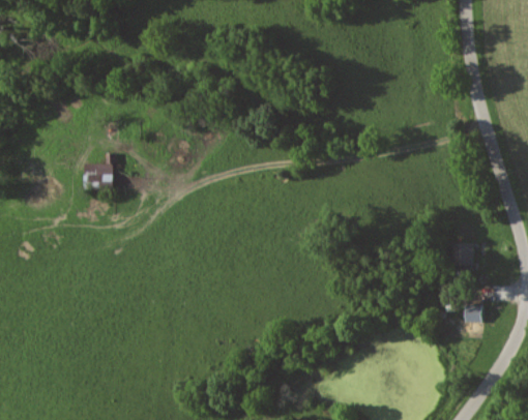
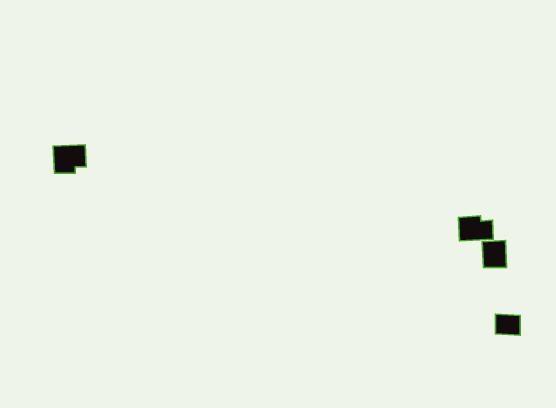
building: none -> [458,216,493,241]

